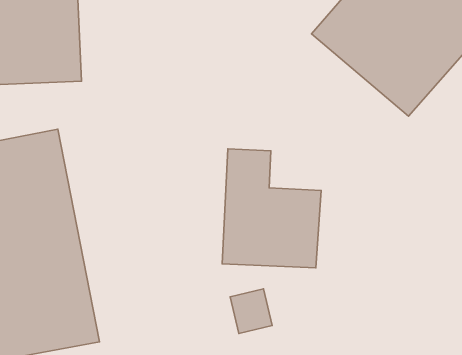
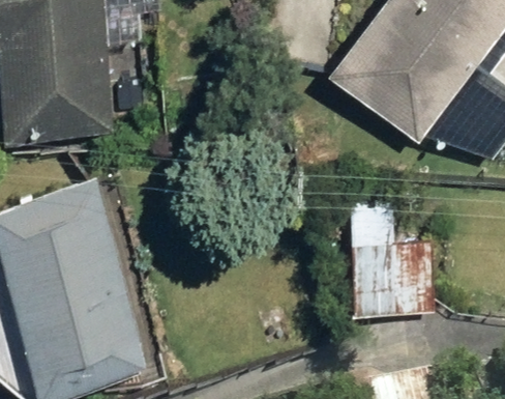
building: [222,149,321,268] -> [350,207,438,314]

